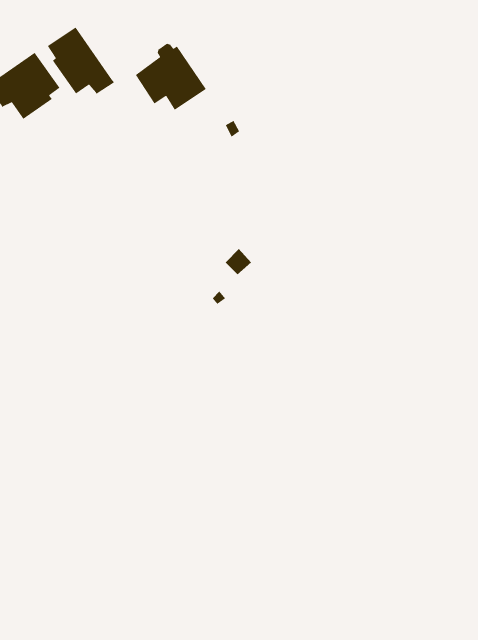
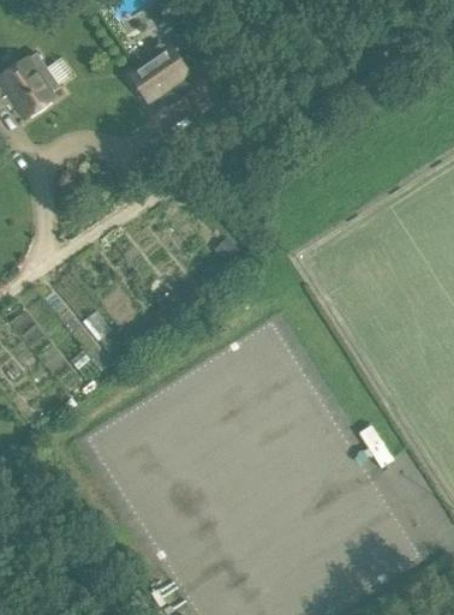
building: [47,26,115,95] -> none

